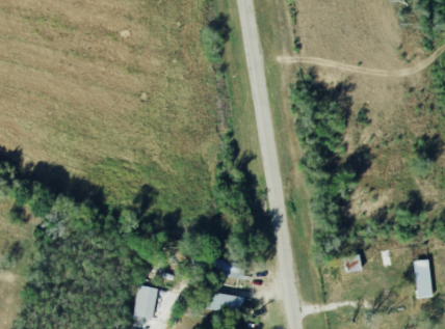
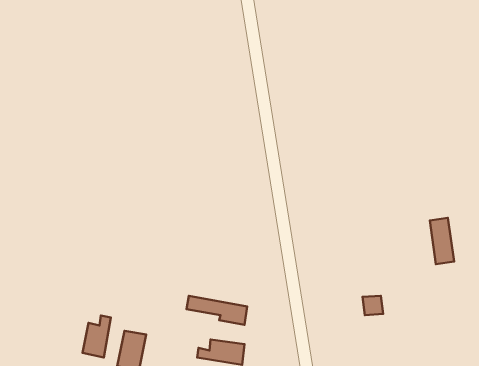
building: [412,258,433,298] -> [430,218,454,264]
building: none -> [82,315,111,358]

